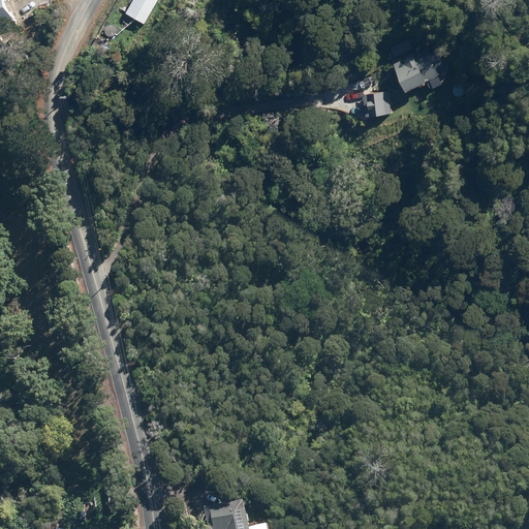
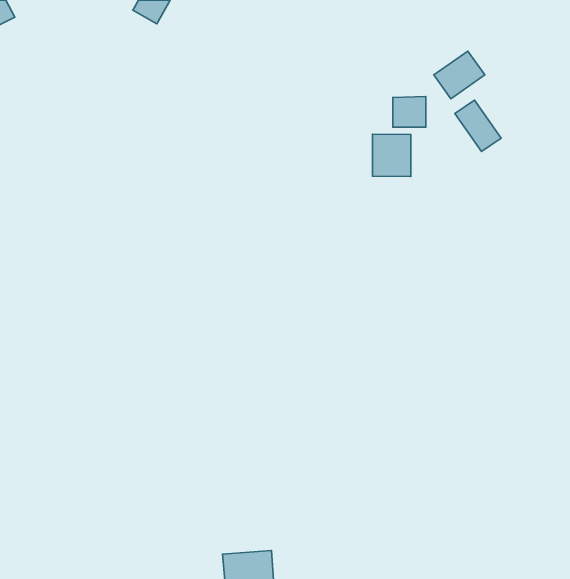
building: none -> [455,100,501,151]
building: none -> [373,134,411,177]

